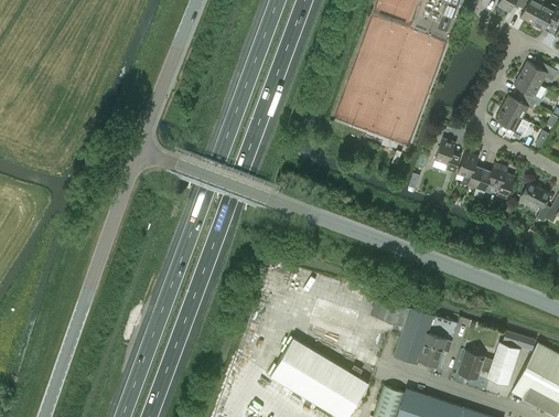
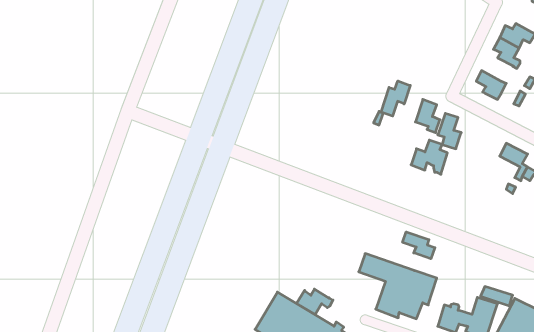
building: [504,96,537,120] -> none
building: none -> [381,81,410,116]
building: [477,164,515,200] -> [411,140,447,174]
building: none -> [403,232,435,259]
building: none -> [297,289,333,315]

